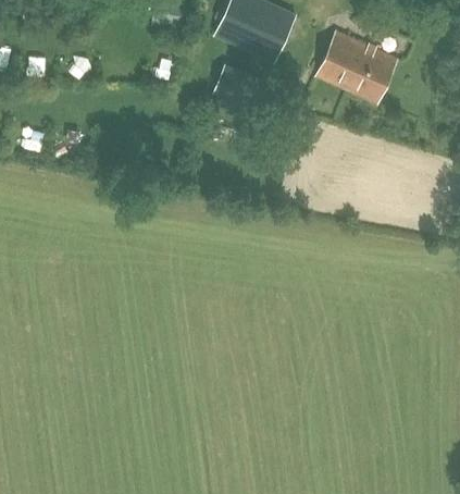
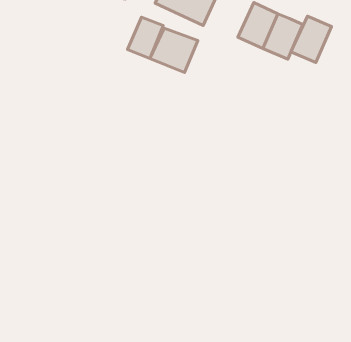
building: none -> [291,16,332,63]
building: none -> [128,17,163,58]

